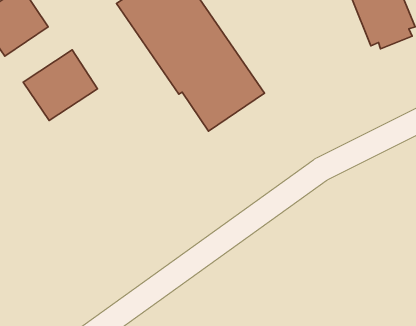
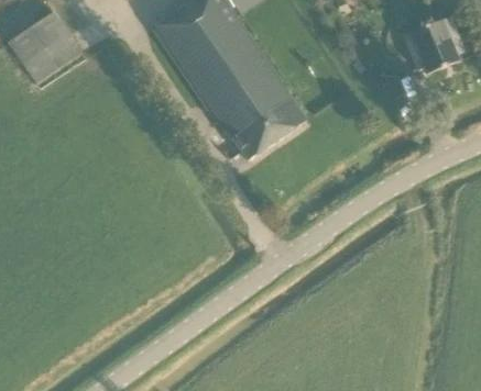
building: [23,50,97,120] -> none

